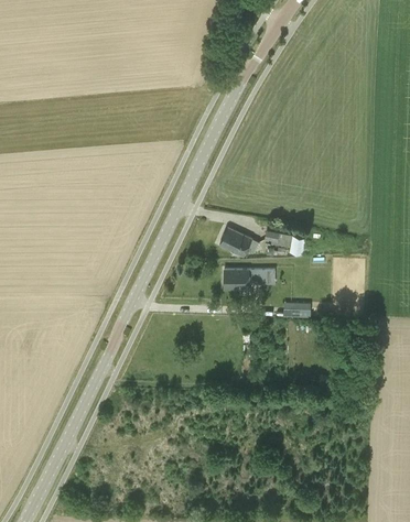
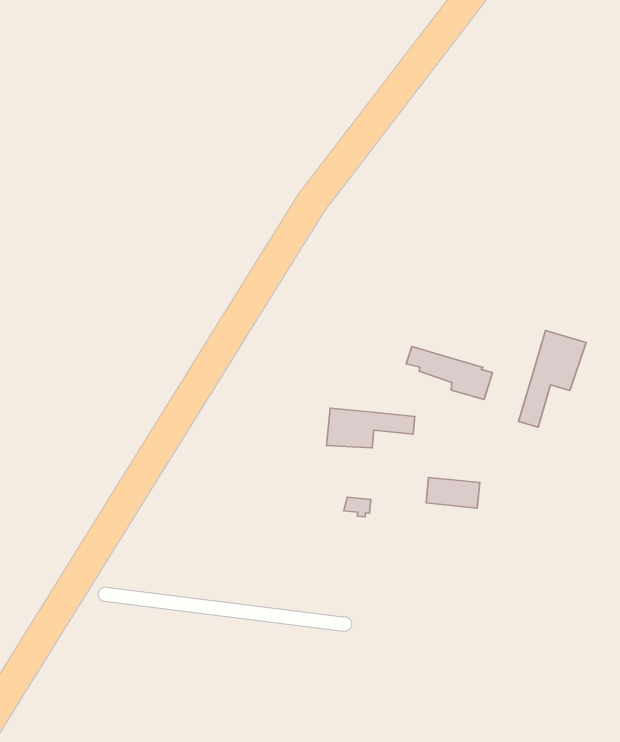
building: none -> [519,330,586,427]
building: [218,227,258,257] -> none

